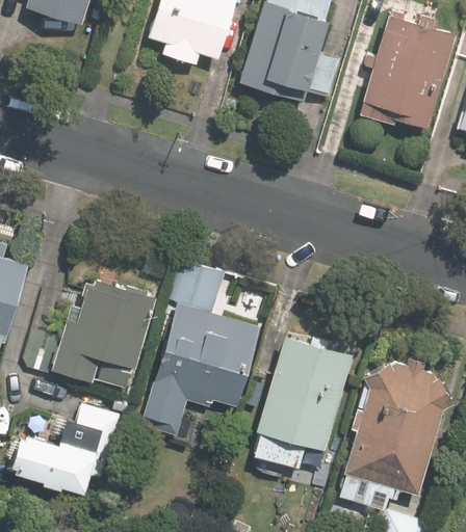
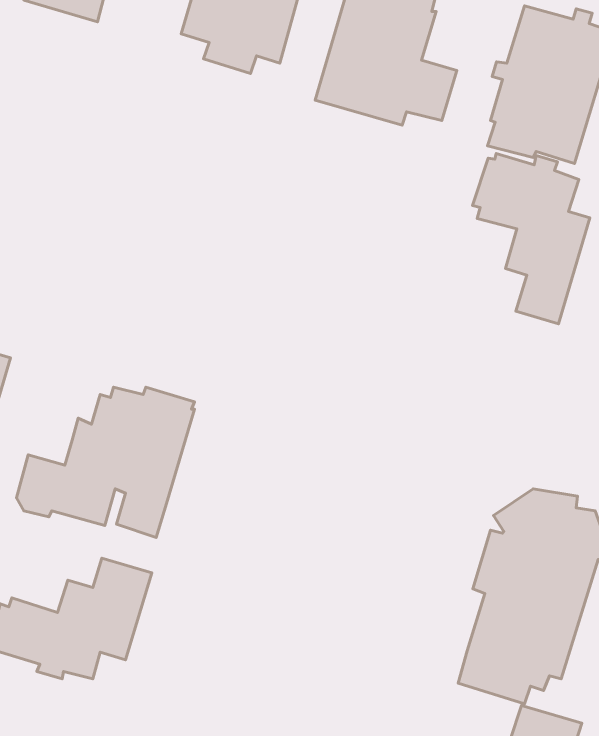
building: none -> [472,154,590,324]
building: [147,259,262,436] -> none
building: [247,335,345,471] -> none

